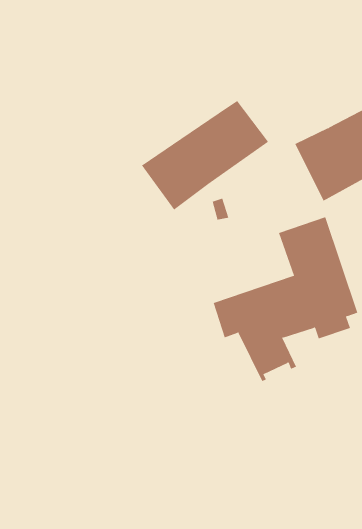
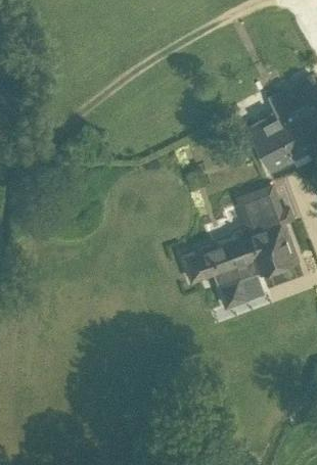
building: [141,100,269,210] -> none

